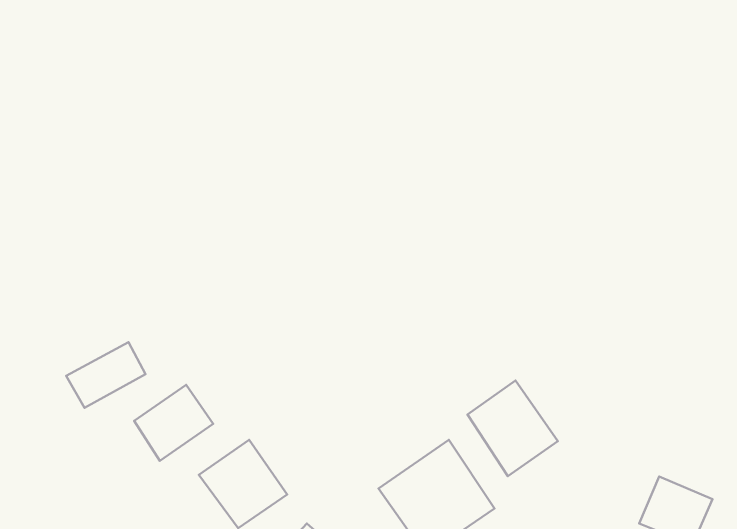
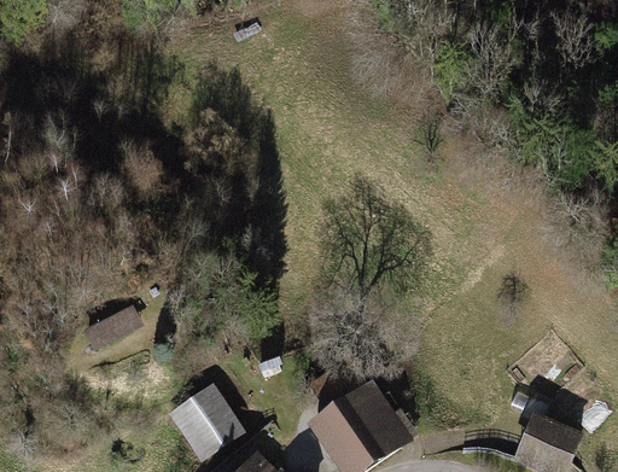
building: [467,381,558,476] -> none
building: [134,385,213,461] -> none

